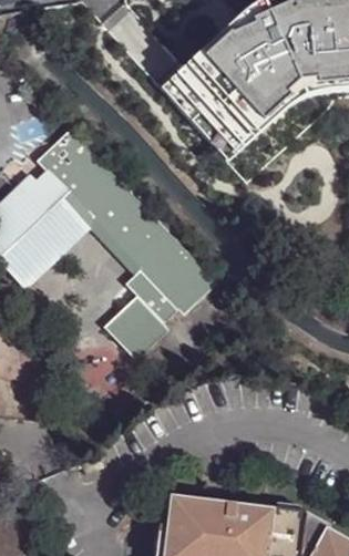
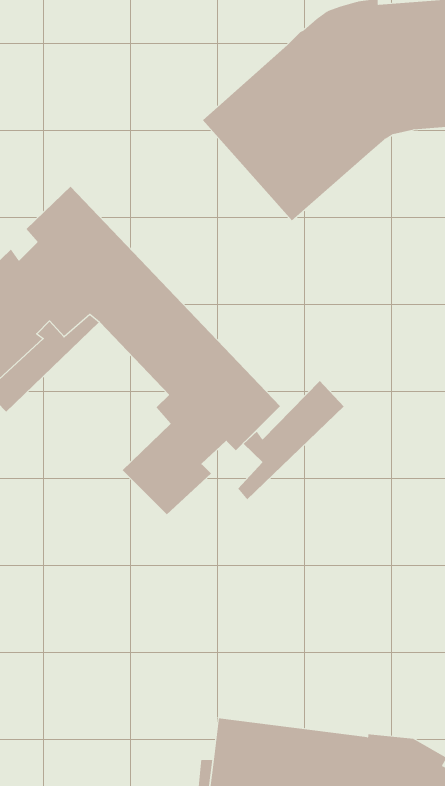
building: none -> [238,380,344,500]

